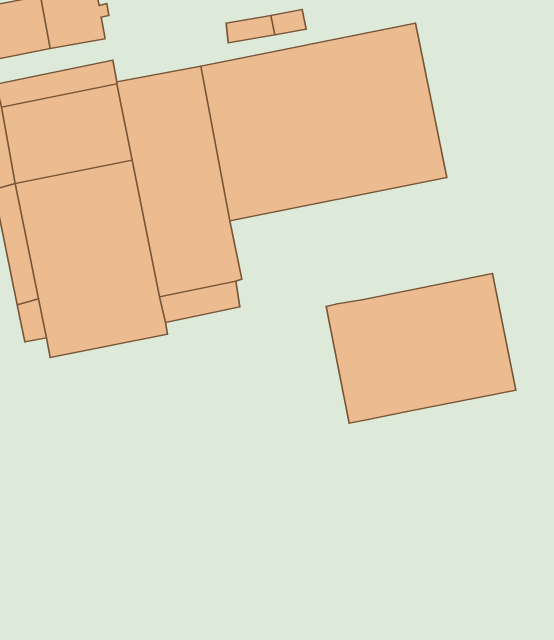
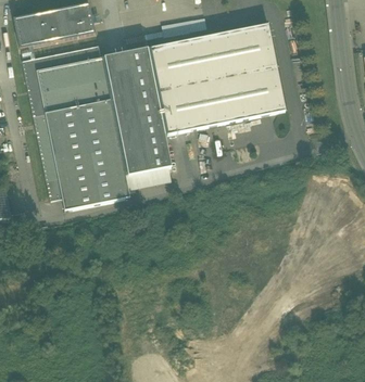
building: [326,274,516,423] -> none

